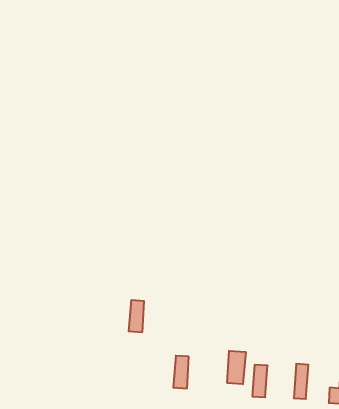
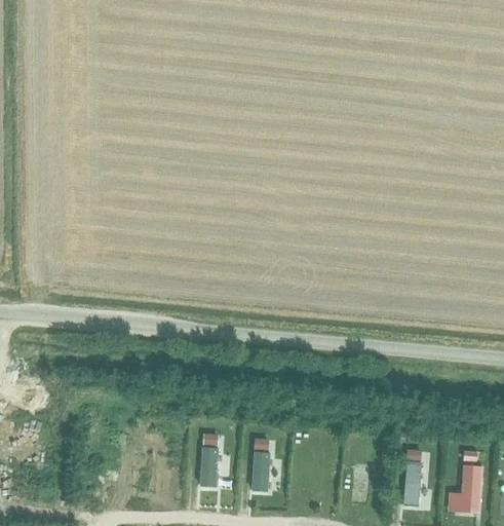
building: [129,300,144,332] -> [199,446,219,486]
building: [227,351,246,384] -> none

